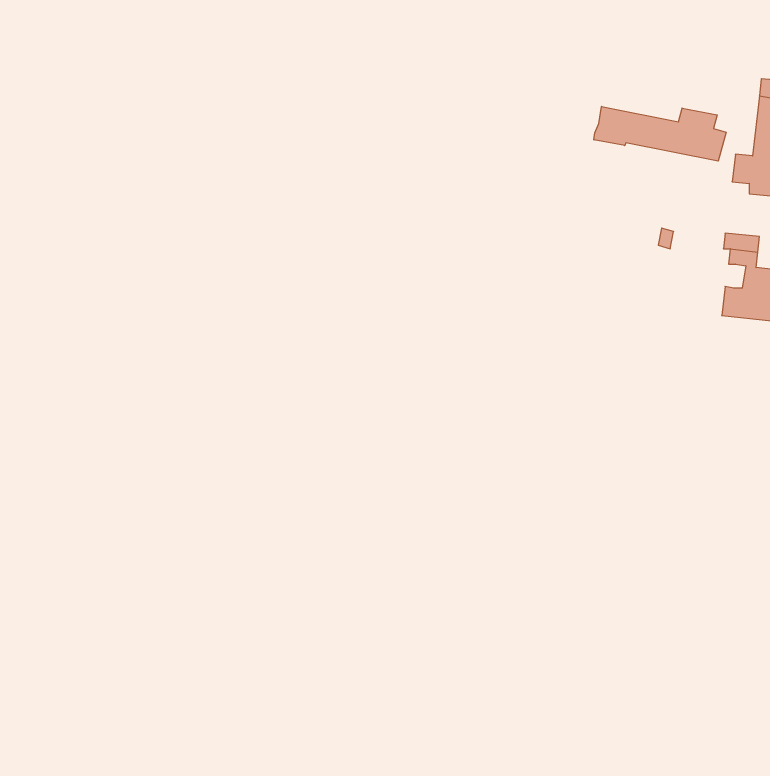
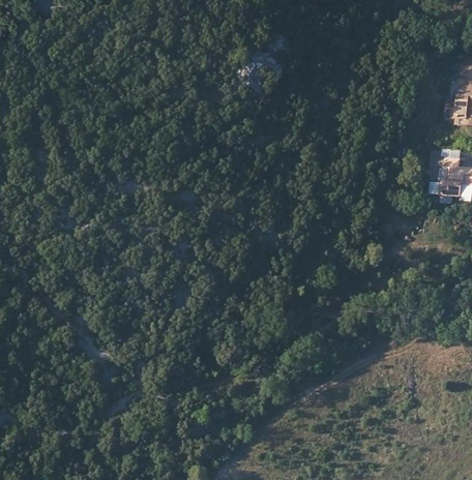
building: [594,106,726,161] -> none

